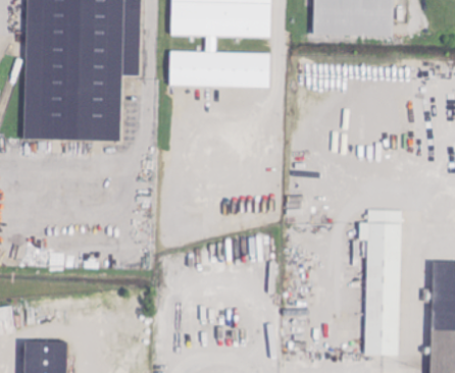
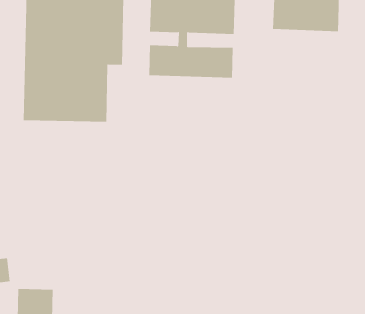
building: [357,205,400,352] -> none

